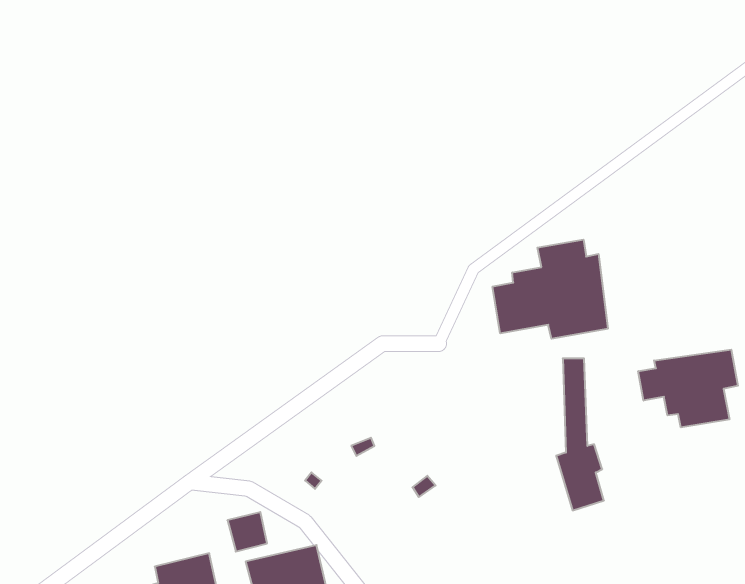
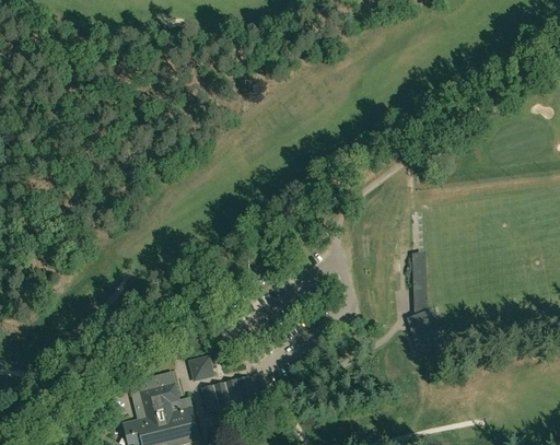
building: [493,240,608,339] -> none
building: [638,350,738,427] -> none

